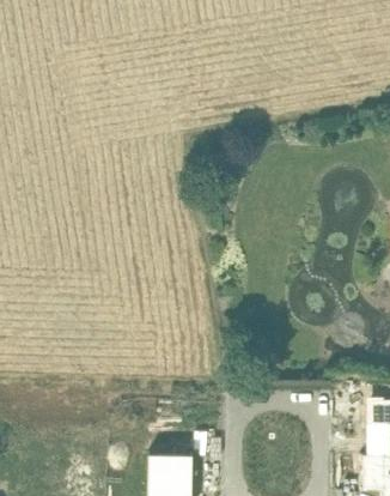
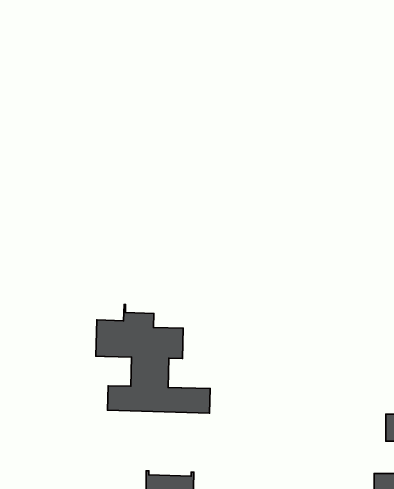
building: none -> [96,304,210,413]

